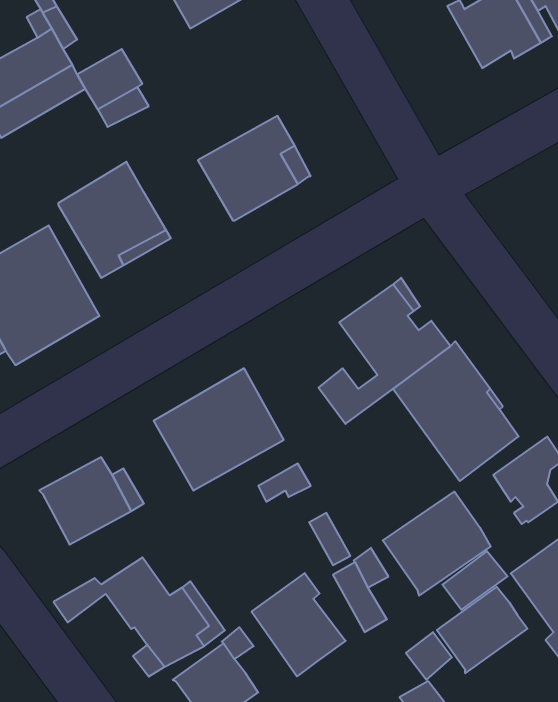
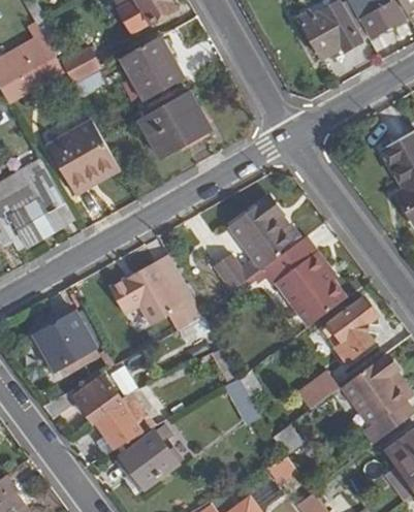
building: none -> [119,36,184,102]
building: [383,492,491,596] -> none
building: [252,573,346,676] -> none
building: [437,587,527,673] -> none

